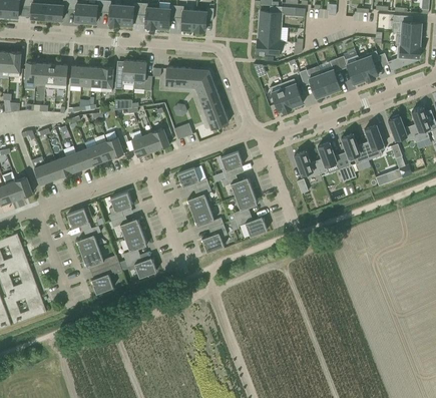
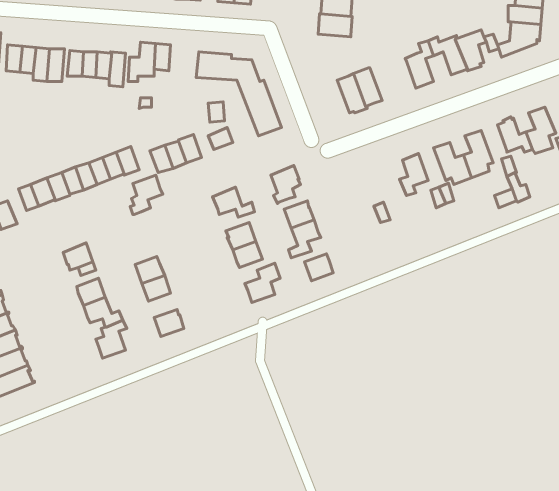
building: [299,70,328,98] -> none
building: [294,151,321,178] -> none
building: [108,192,132,222] -> [130,175,163,215]

